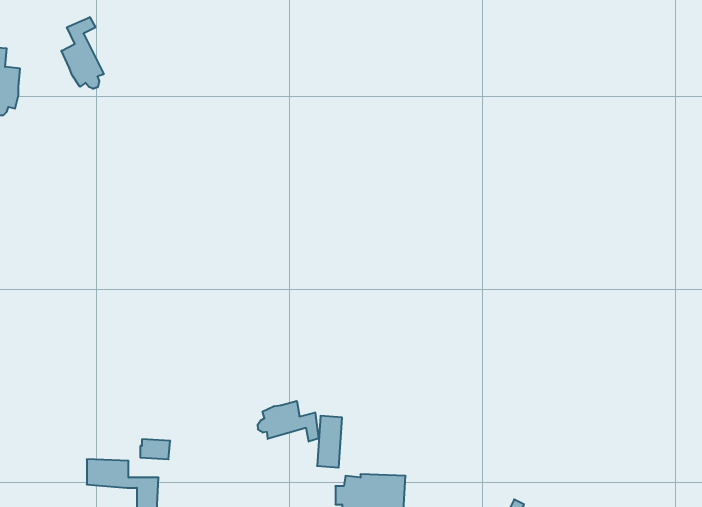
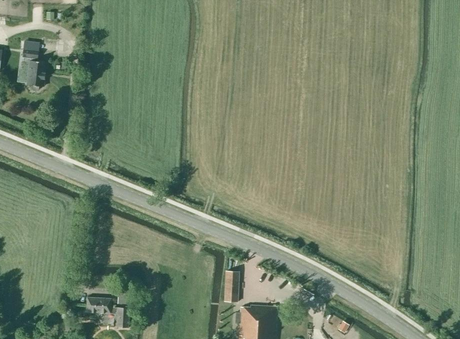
building: [61,17,104,89] -> none
building: [258,401,319,442] -> none

